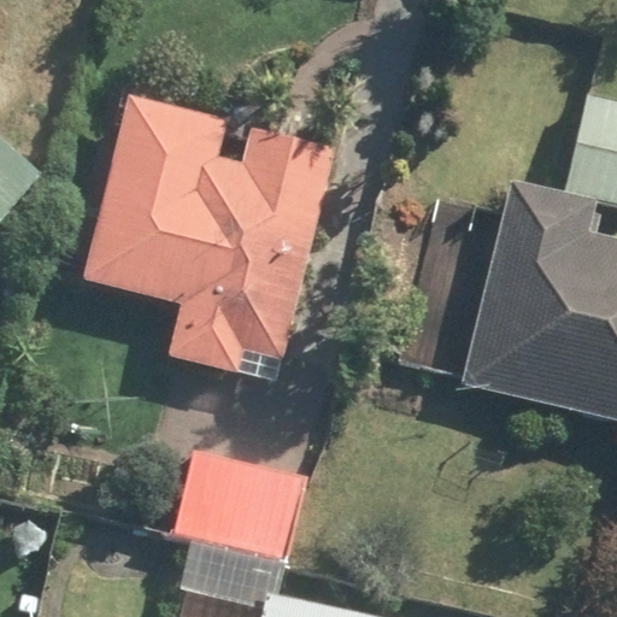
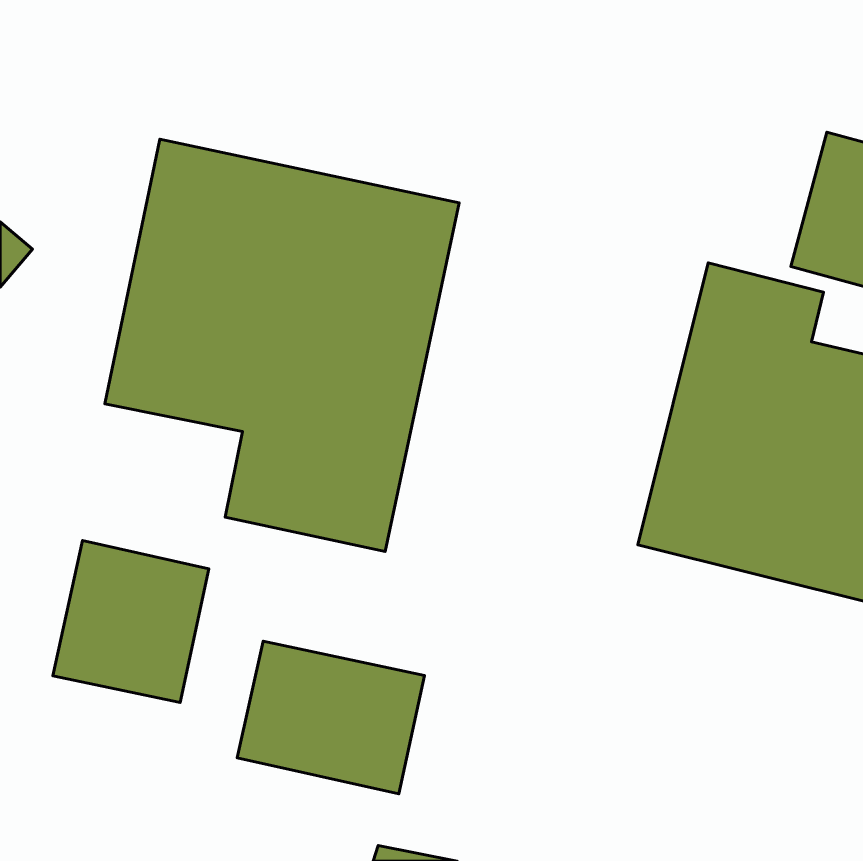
building: none -> [53,541,209,702]

